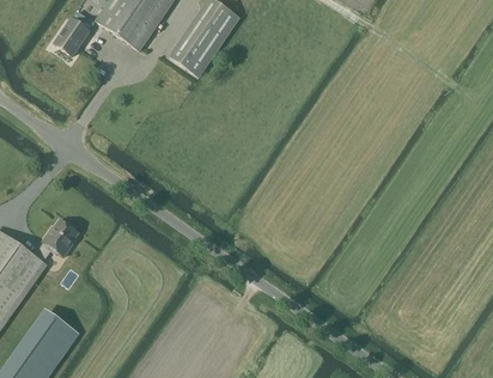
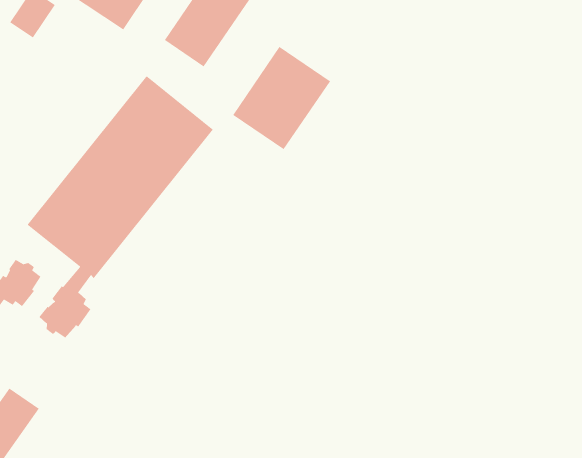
building: none -> [232,46,331,150]
building: none -> [27,75,214,339]

